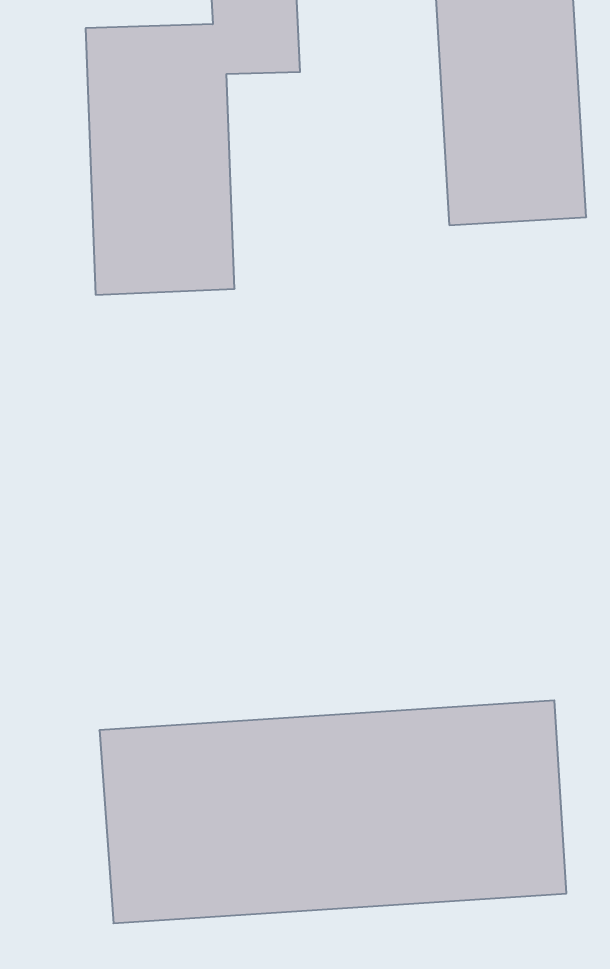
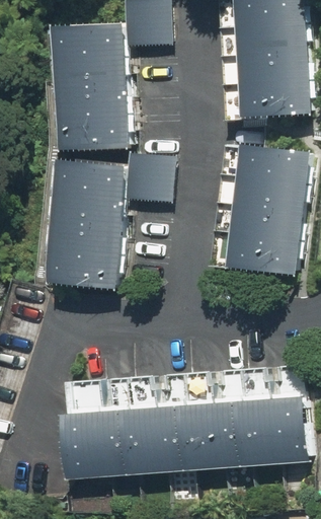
building: none -> [224,150,310,276]
building: none -> [44,155,161,292]

